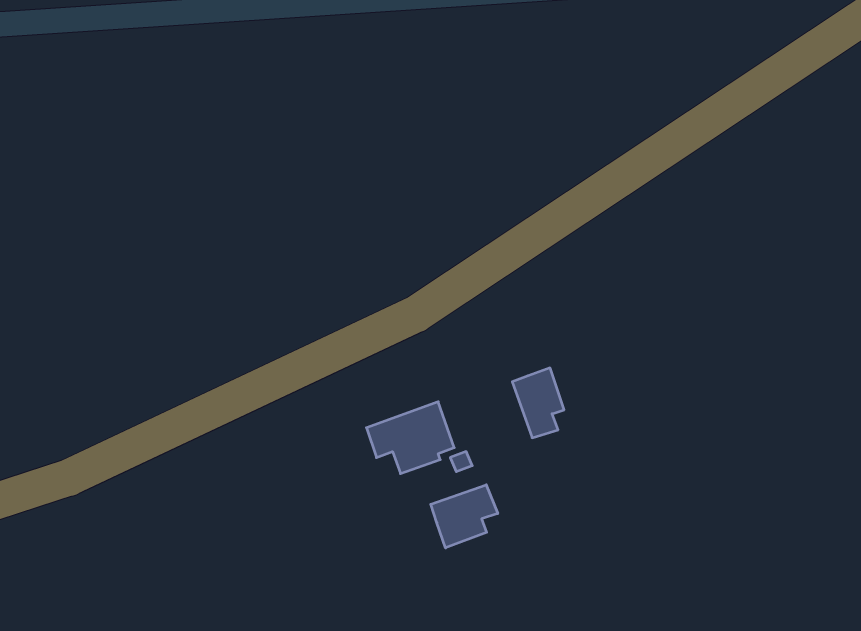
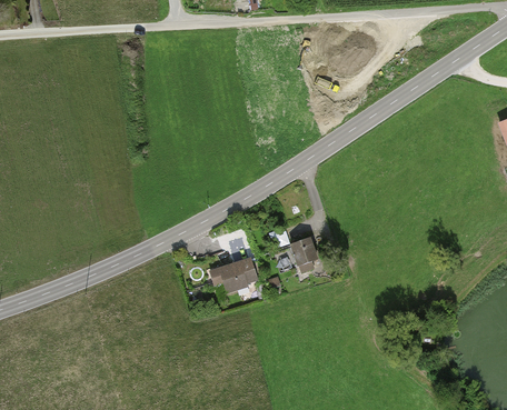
building: [431,485,498,548] -> none

